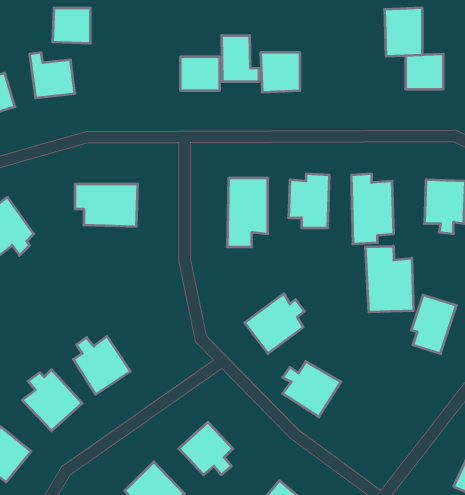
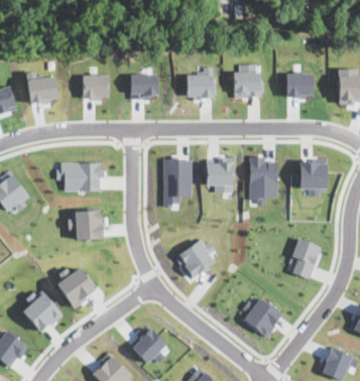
building: [384,8,422,56] -> [235,65,261,98]
building: [52,8,91,43] -> [83,75,109,99]
building: [222,35,259,82] -> none
building: [365,246,413,312] -> none
building: none -> [68,210,106,241]
building: [282,361,341,417] -> [243,298,283,337]

